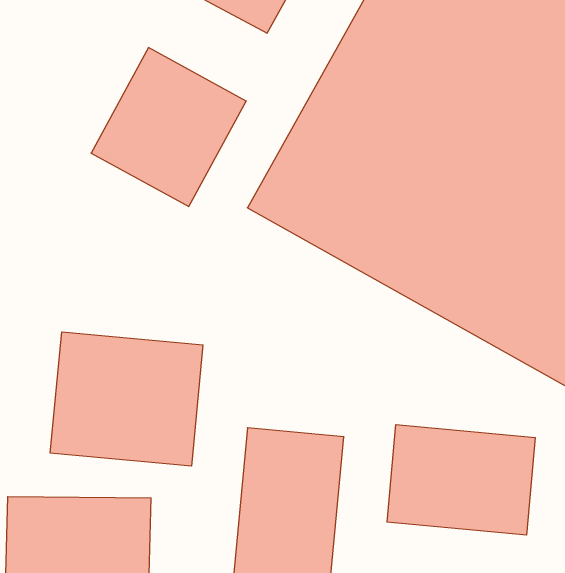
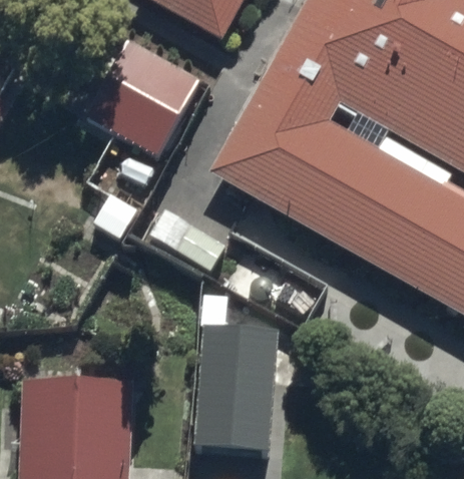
building: [50,332,203,466] -> none
building: [387,425,535,535] -> none

